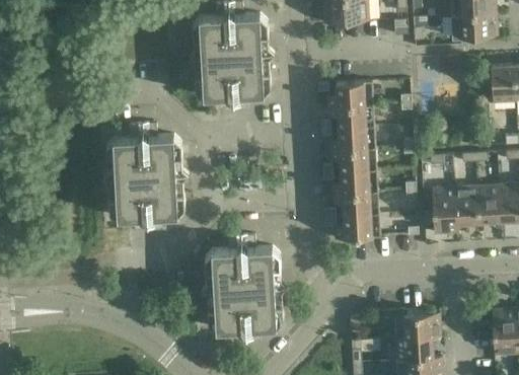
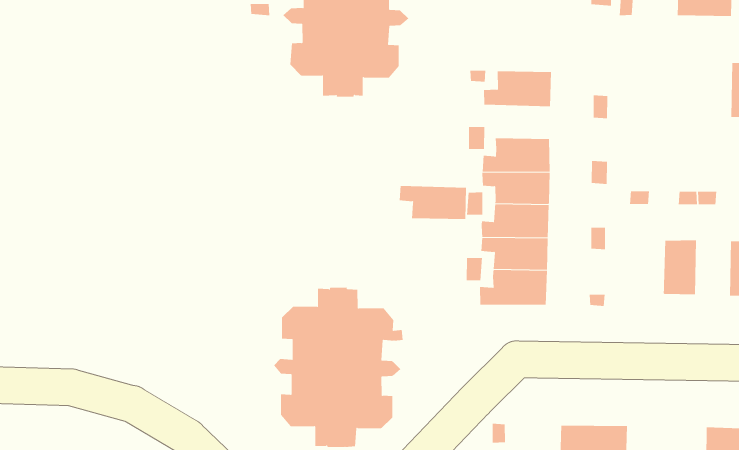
building: [328,105,374,129] -> [399,185,467,219]
building: [102,124,189,231] -> none
building: [476,185,501,223] -> none
building: [432,189,457,234] -> none

